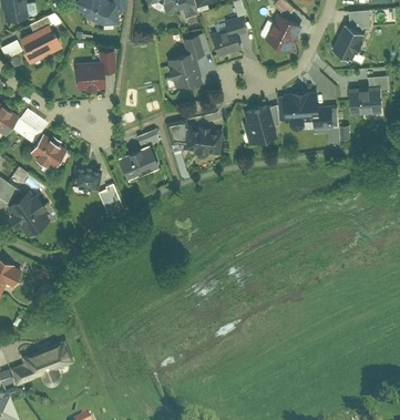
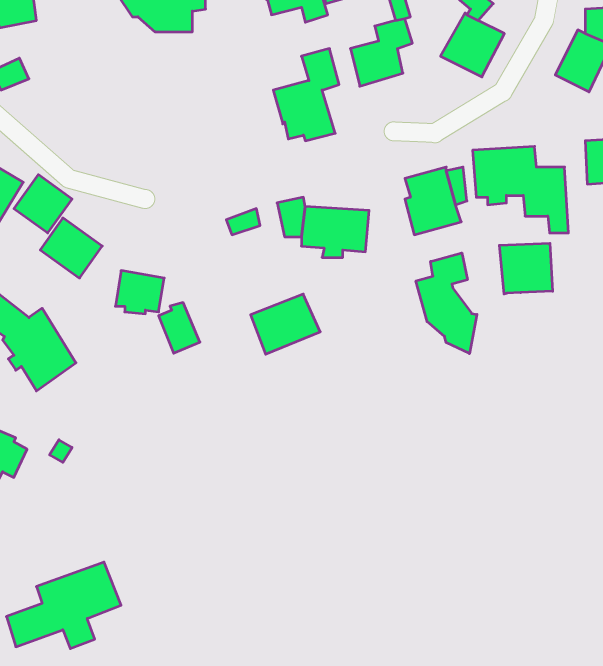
building: [20,17,63,64] -> none
building: [75,51,115,91] -> none
building: [119,144,160,180] -> [251,294,320,354]
building: none -> [499,243,553,294]
building: none -> [416,253,477,354]

